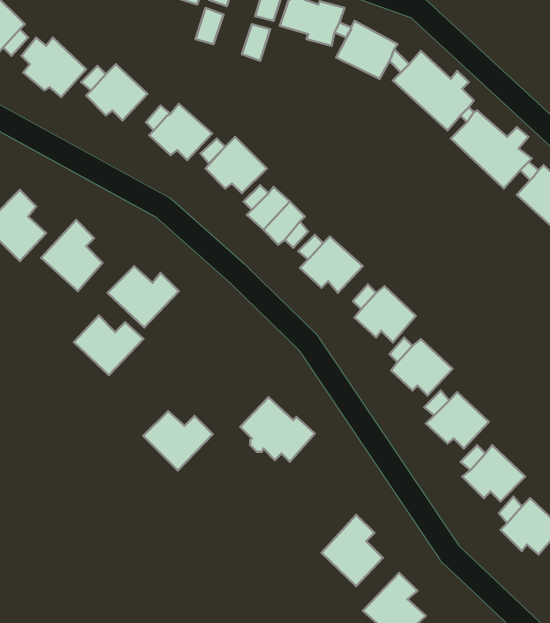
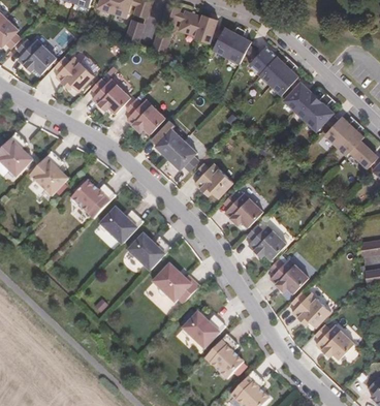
building: [74,316,143,375] -> [99,208,142,245]
building: [143,411,213,471] -> [127,235,170,272]
building: none -> [182,312,225,349]

